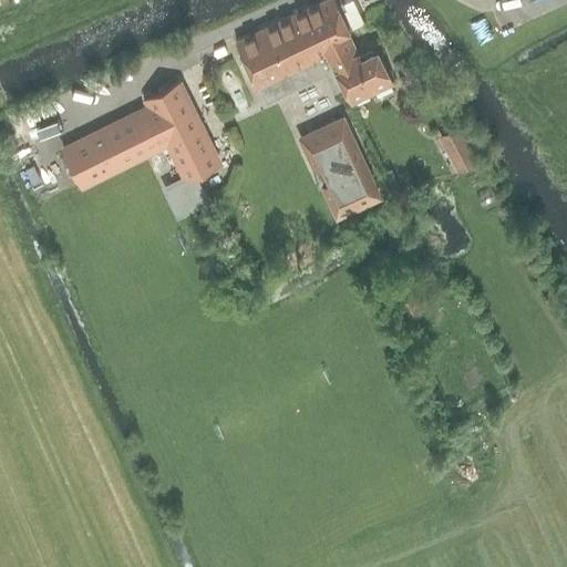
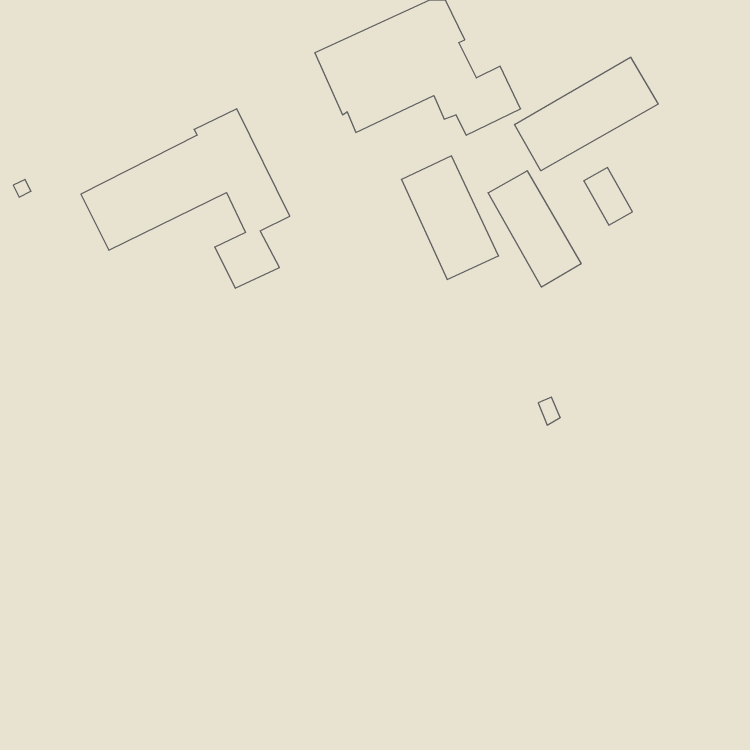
building: none -> [515,57,658,171]
building: none -> [488,171,581,287]

